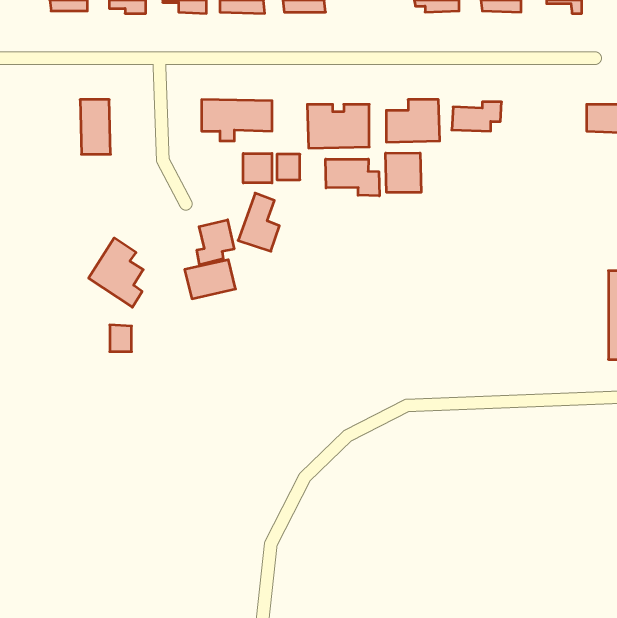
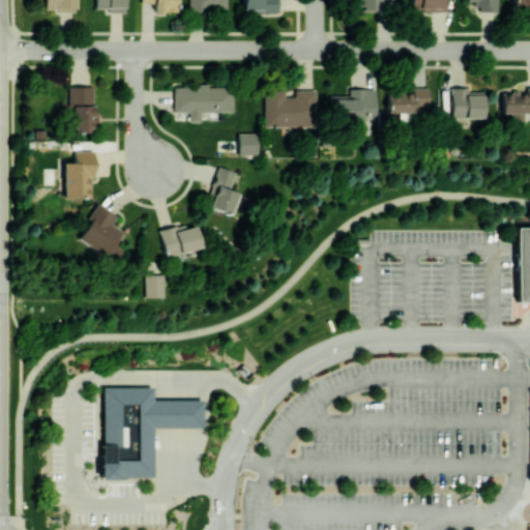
building: none -> [452,88,485,120]
building: [386,153,421,192] -> none
building: [243,153,272,183] -> none
building: [326,159,379,196] -> none
building: none -> [64,152,94,199]
building: [197,220,234,265] -> none
building: [110,325,132,352] -> [147,275,166,298]
building: none -> [105,388,208,480]

